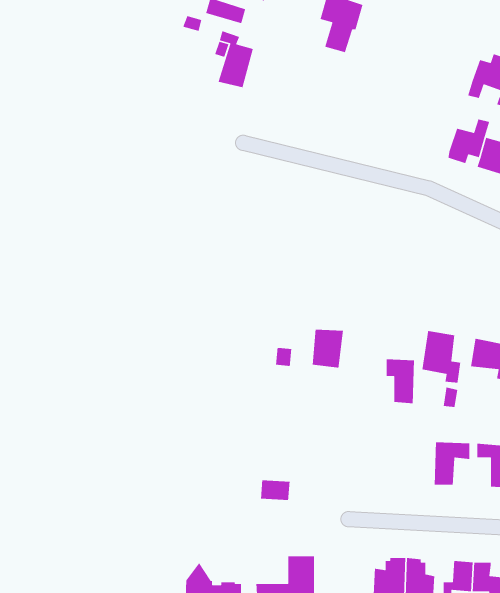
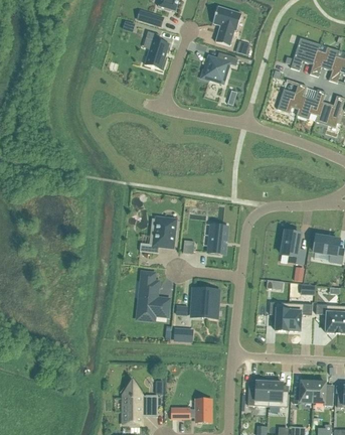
building: none -> [291,37,320,69]
building: none -> [200,52,238,84]
building: none -> [277,83,306,113]
building: none -> [140,218,175,252]
building: [386,358,415,404] -> [270,301,289,331]
building: none -> [138,272,169,319]
building: none -> [189,286,220,318]

